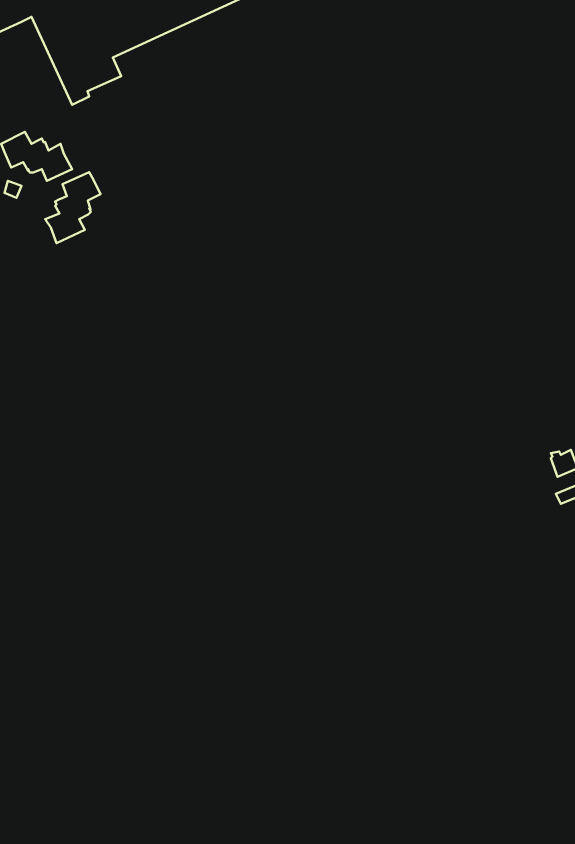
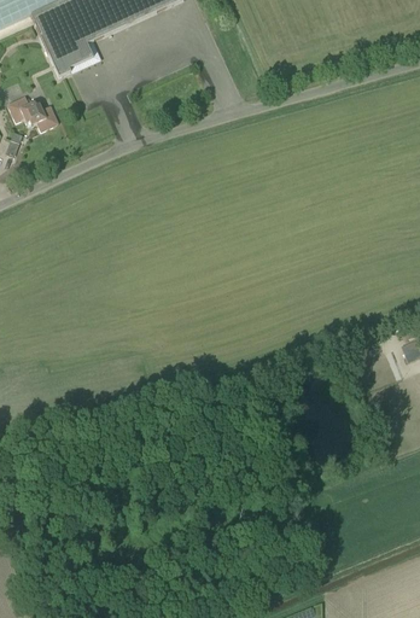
building: [45,172,101,243] -> none

